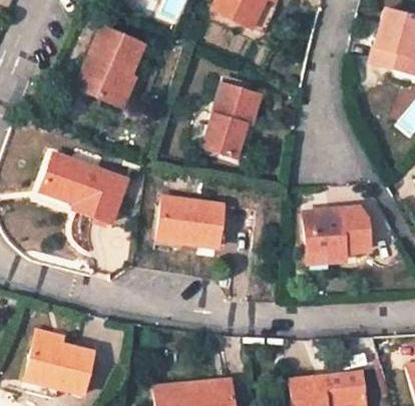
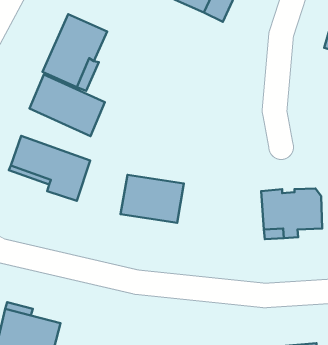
building: [202,84,260,157] -> none
building: none -> [29,75,105,136]

